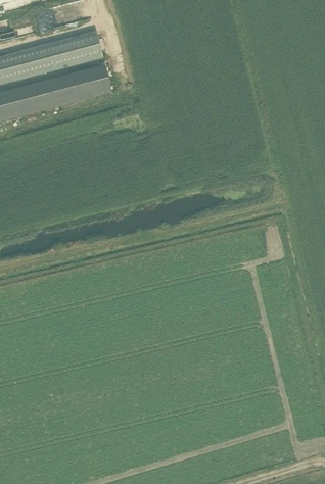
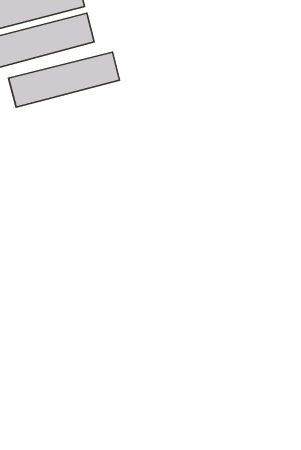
building: none -> [8,52,120,107]

